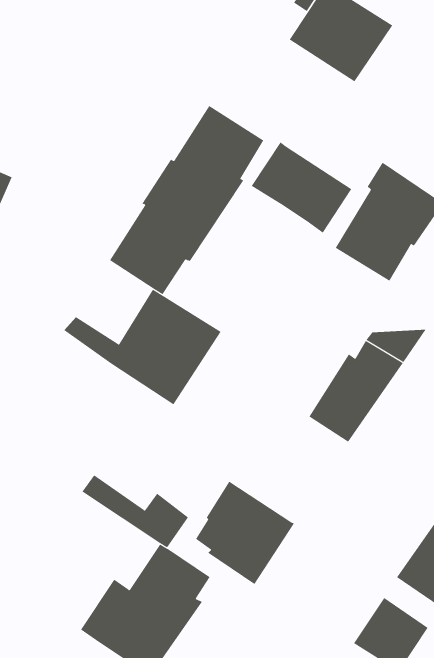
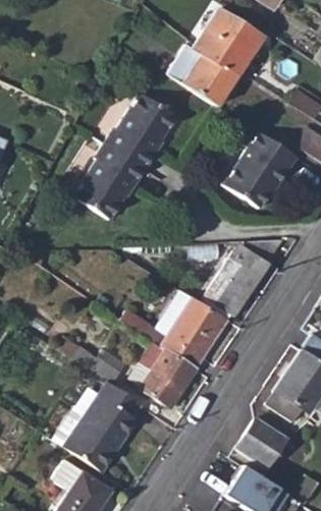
building: [251,142,352,233] -> [169,45,236,106]
building: [63,289,221,405] -> [121,291,226,368]

